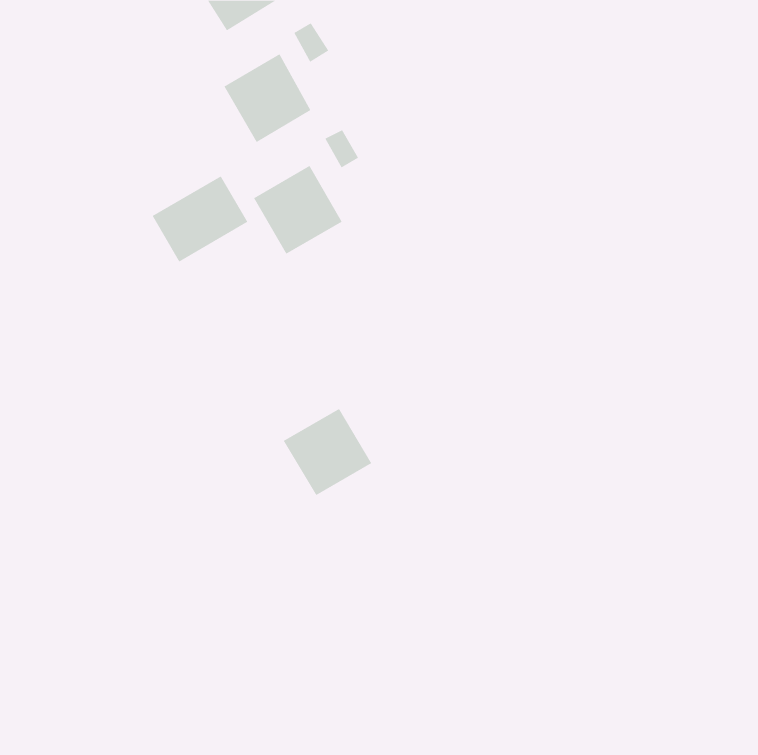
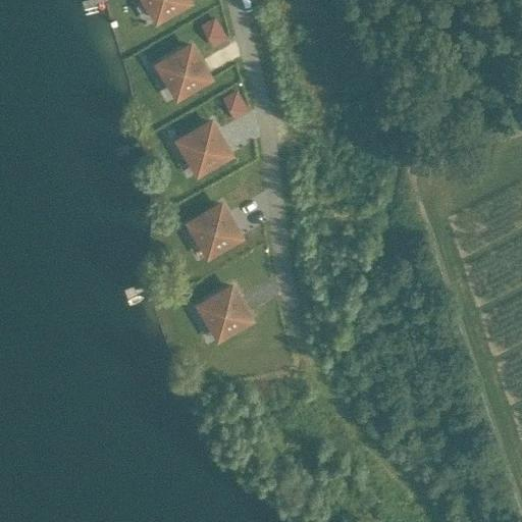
building: [152,175,248,262] -> none
building: none -> [184,200,244,260]

